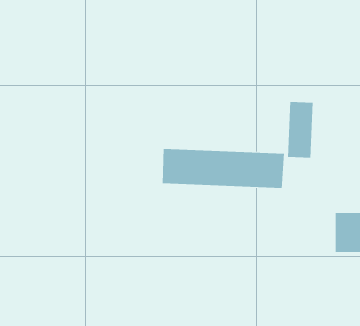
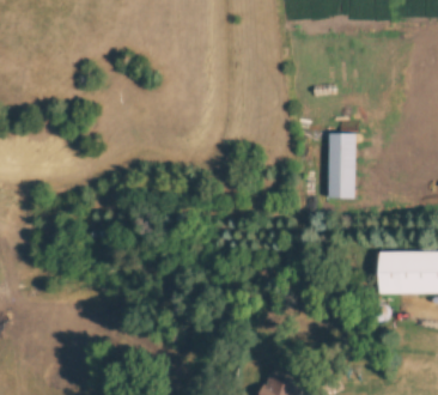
building: [162,148,285,189] -> none

